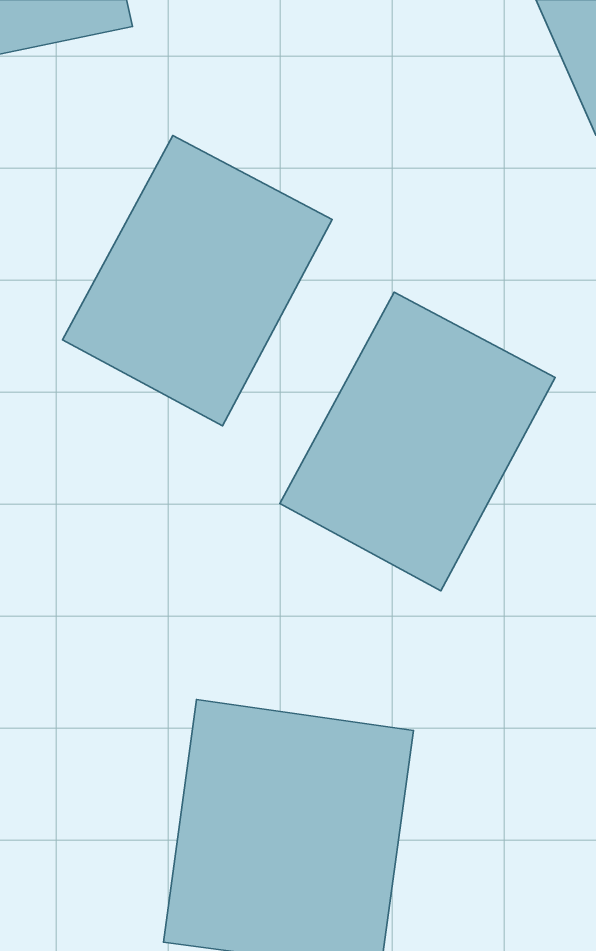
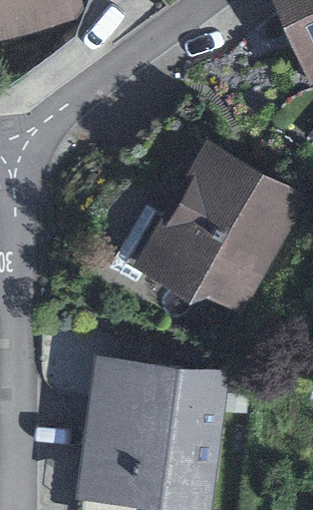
building: [62,135,332,426] -> none

